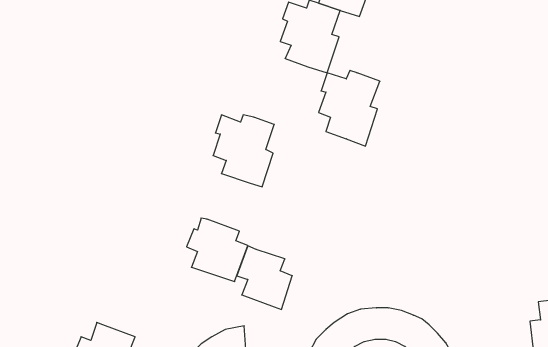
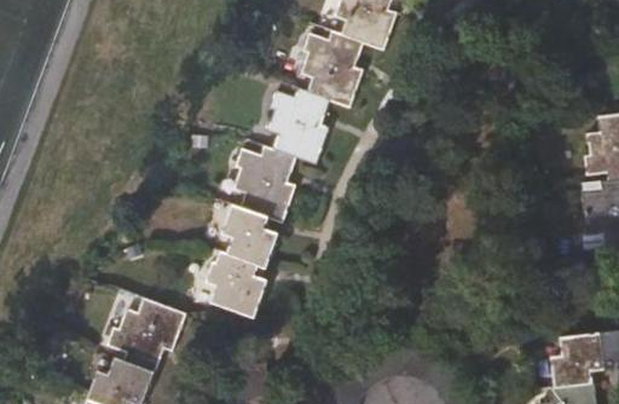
building: [319,70,380,146] -> [267,88,329,165]
building: [237,246,292,309] -> [222,203,278,267]
building: none -> [108,298,185,371]

